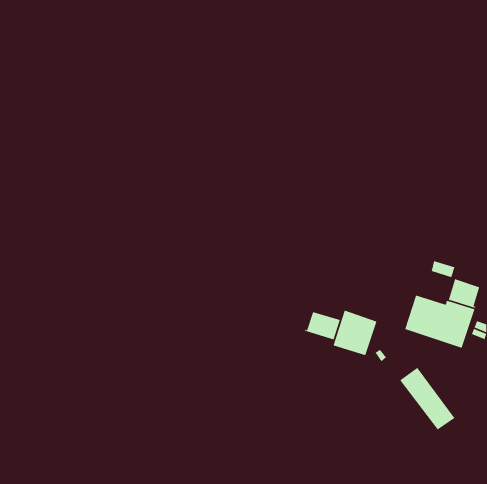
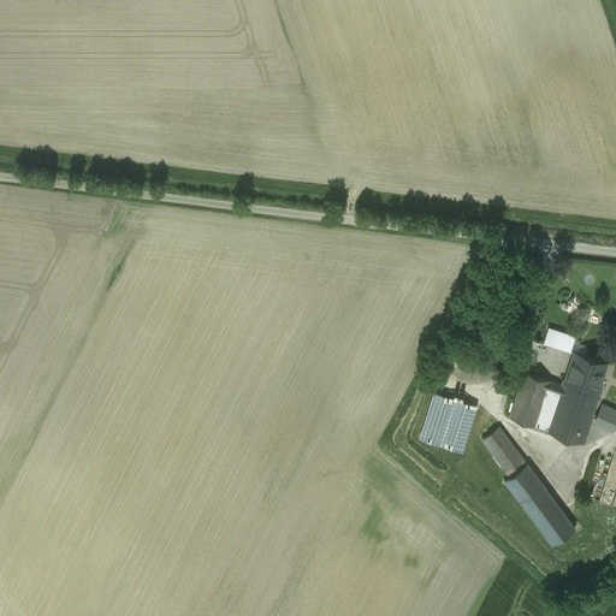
building: [304,311,341,341] -> none
building: none -> [482,430,527,479]

